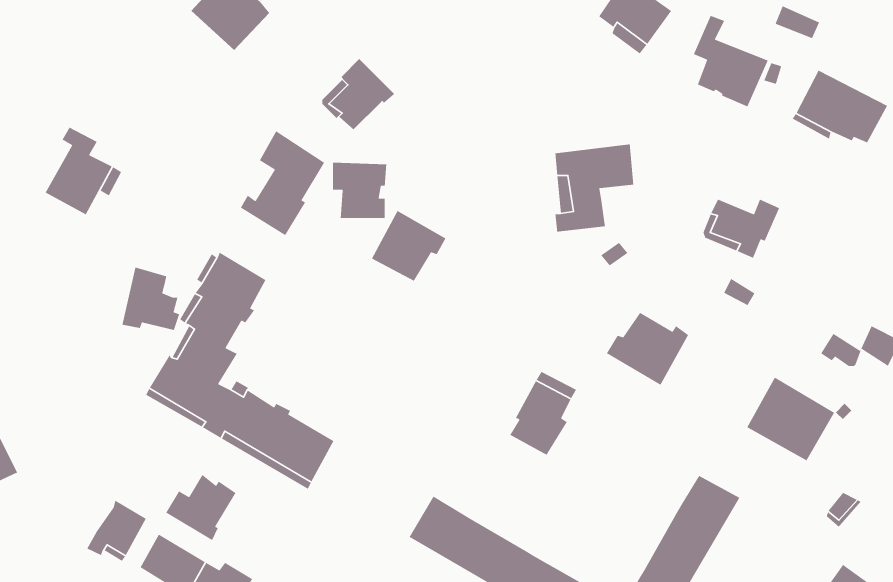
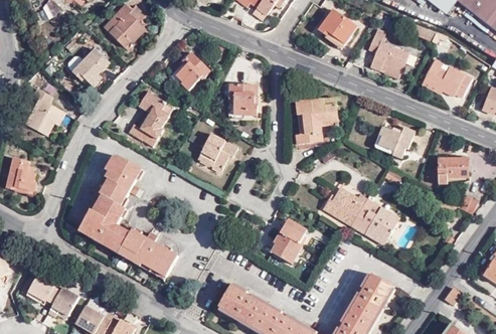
building: none -> [67,48,110,88]
building: [332,162,387,219] -> [228,85,258,115]
building: none -> [438,158,468,184]
building: [122,266,180,331] -> [5,157,36,191]
building: [746,376,835,462] -> [351,199,398,244]
building: [165,474,236,541] -> none
building: none -> [25,274,60,305]

